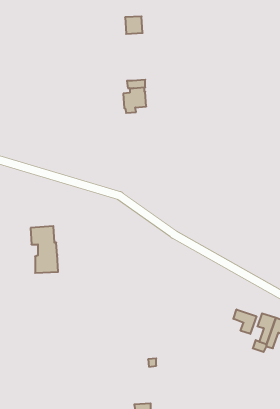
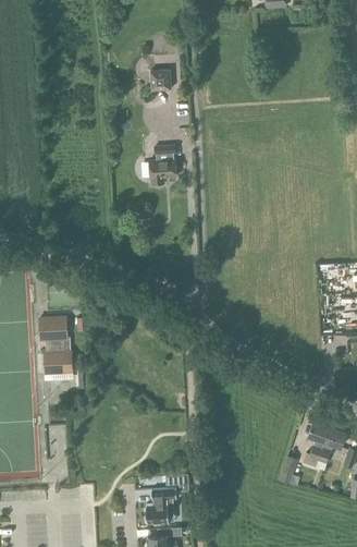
building: [233,309,256,334] -> none
building: none -> [146,489,175,524]

